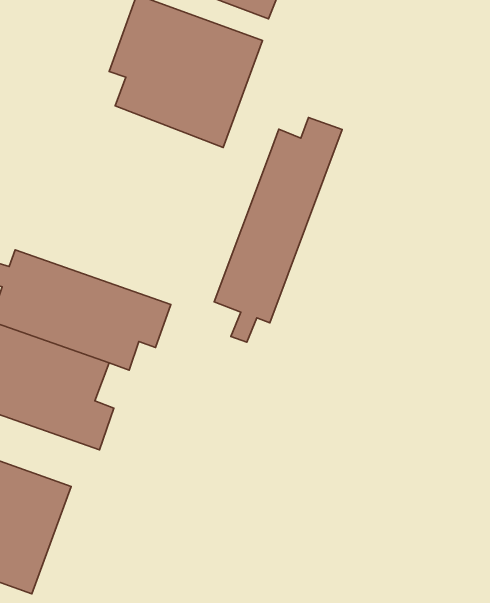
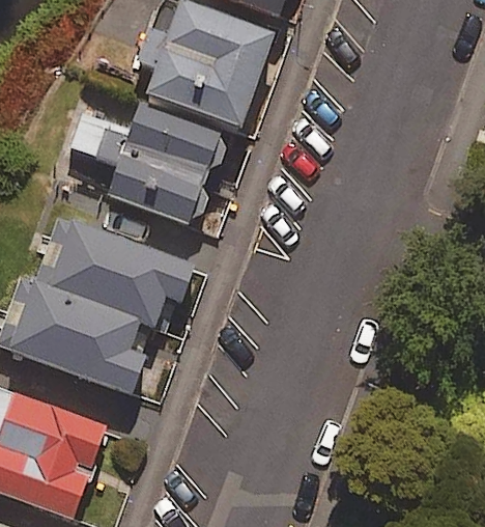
building: none -> [70,95,226,225]
building: [214,117,342,342] -> none

